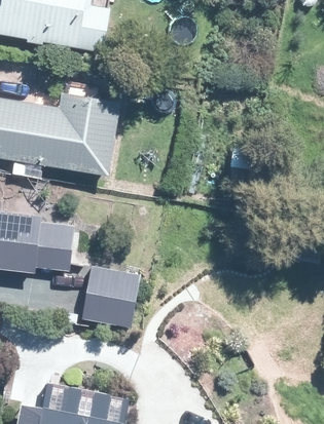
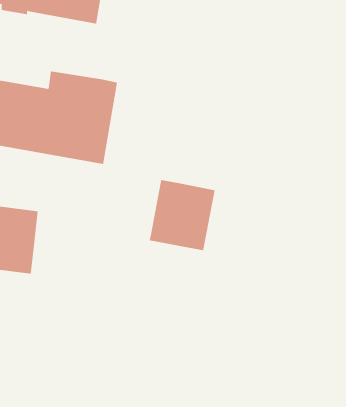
building: [45,222,81,270] -> none
building: [82,266,141,329] -> [149,180,216,251]

